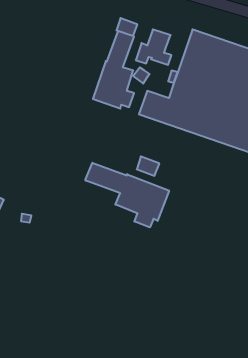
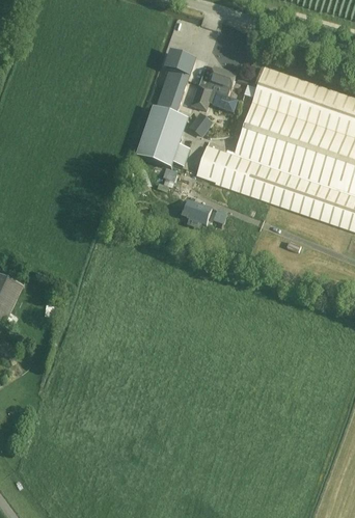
building: [137,156,159,176] -> [182,199,211,224]
building: [85,163,169,227] -> none

